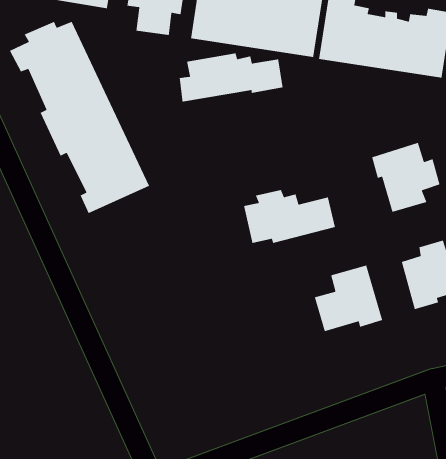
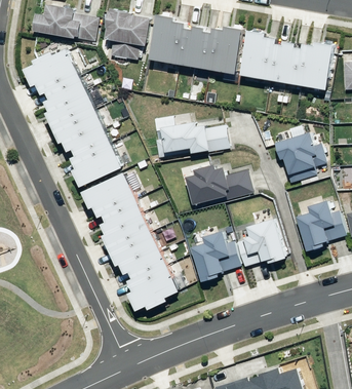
building: [179,52,283,103] -> [155,123,228,158]
building: none -> [80,173,177,309]
building: none -> [192,232,239,282]

